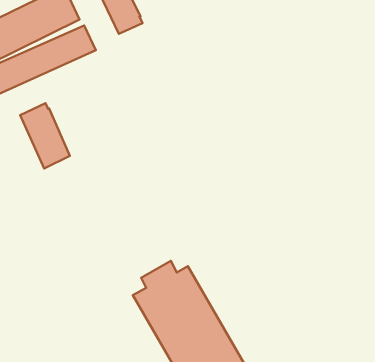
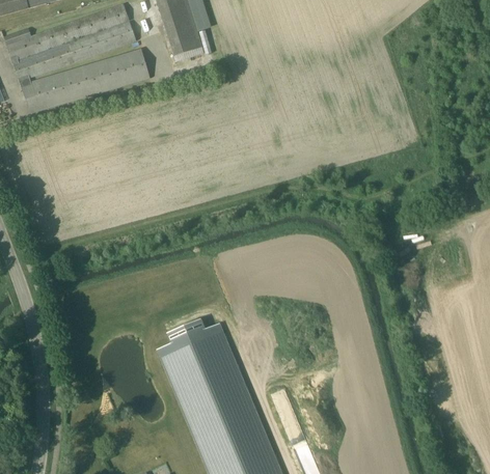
building: [20,103,70,168] -> none

